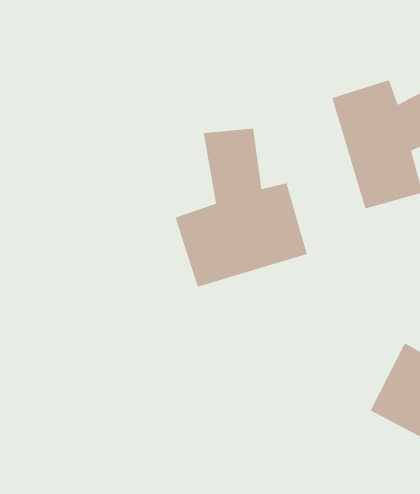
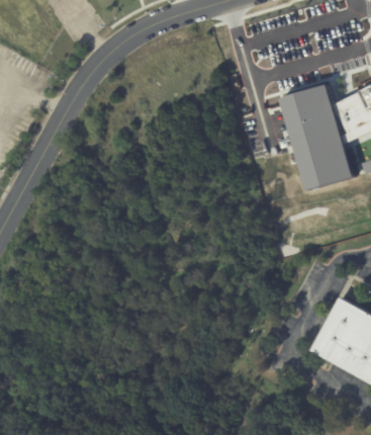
building: [175,128,307,288] -> none

